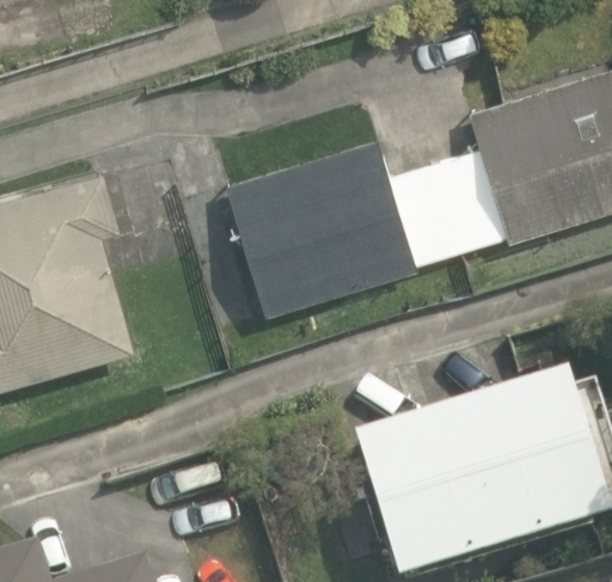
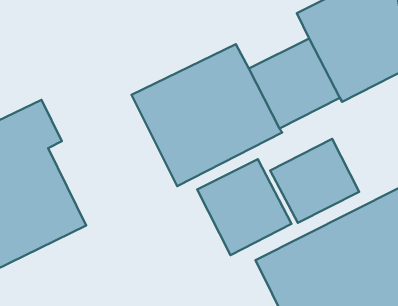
building: none -> [270,139,359,223]
building: none -> [197,159,292,255]

